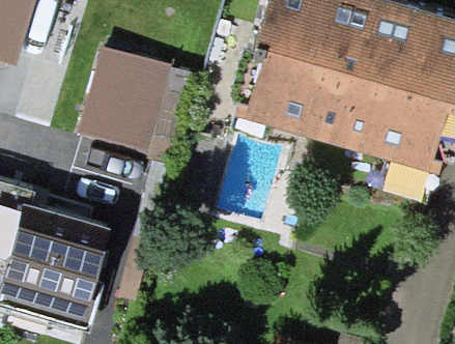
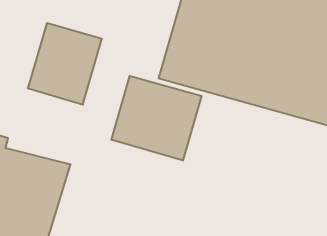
building: none -> [112,76,202,161]

